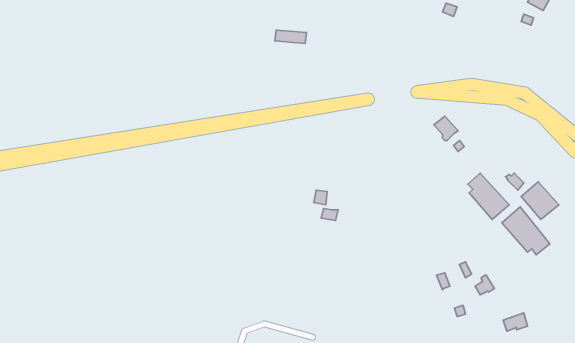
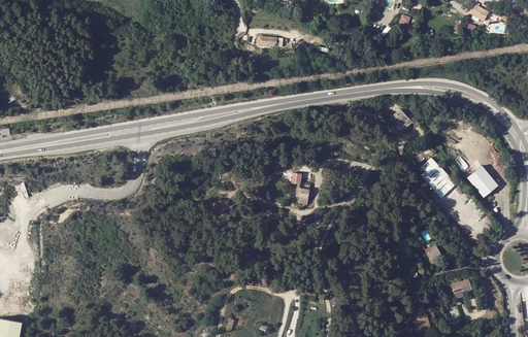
building: [502,207,550,255] -> none

